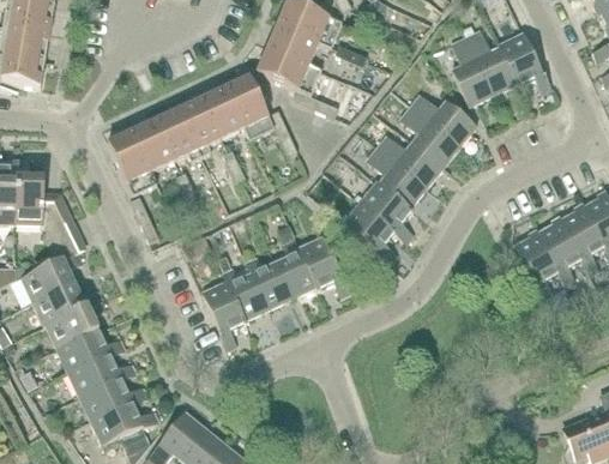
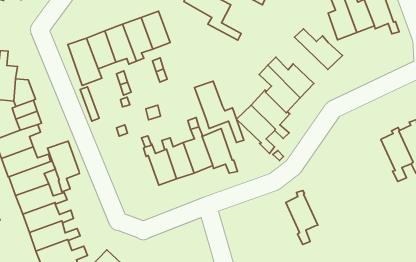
building: [225,76,297,155] -> [195,81,244,142]
building: [400,106,458,165] -> none
building: [514,228,560,300] -> [286,191,318,244]
building: [201,281,247,349] -> [48,141,80,192]

